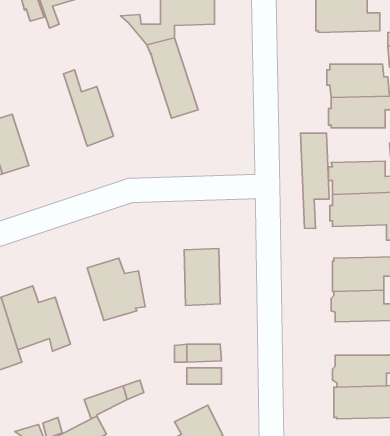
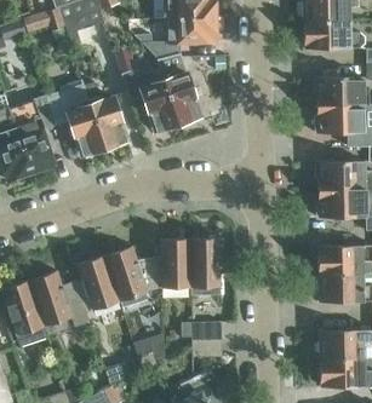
building: none -> [121,67,178,131]
building: none -> [46,79,104,155]
building: [301,133,329,228] -> none
building: none -> [149,238,190,288]
building: none -> [76,254,119,310]

